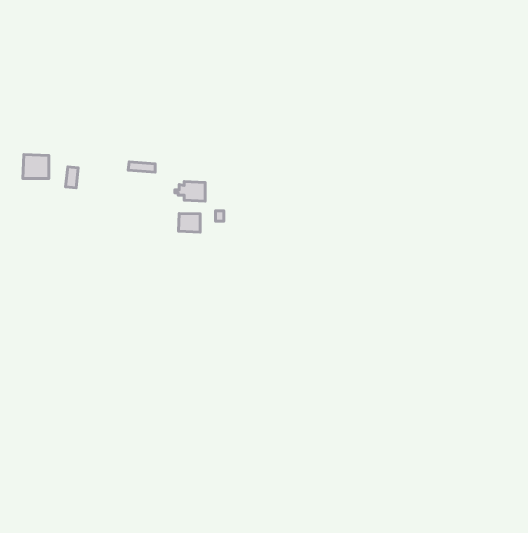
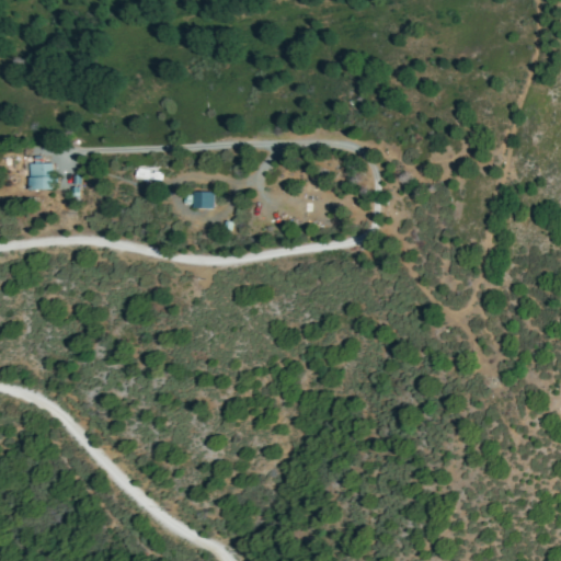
building: [178,214,200,232] -> none

